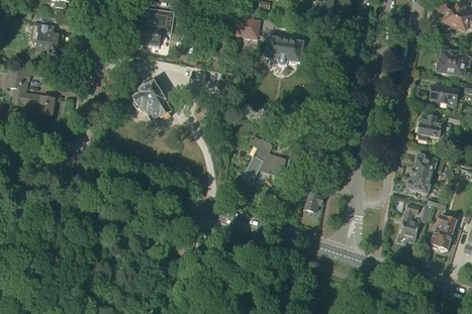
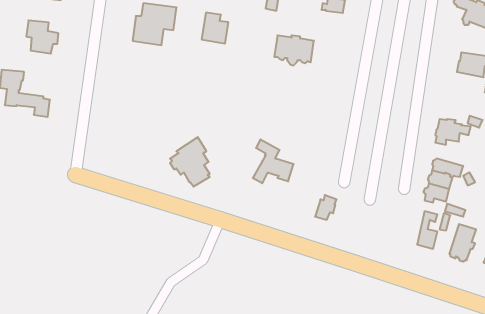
building: [235,10,261,39] -> [202,13,228,44]
building: [133,78,171,124] -> [170,137,210,187]
building: [431,86,459,107] -> none

